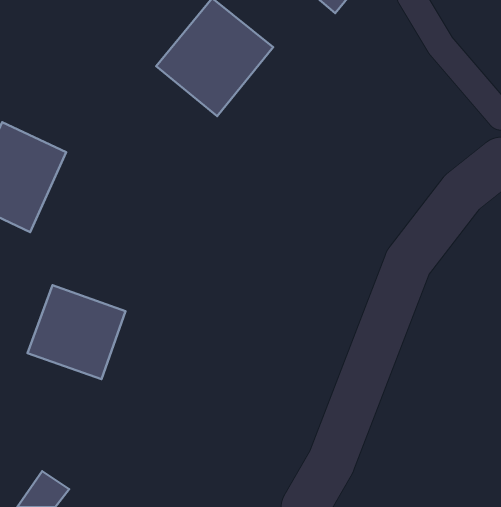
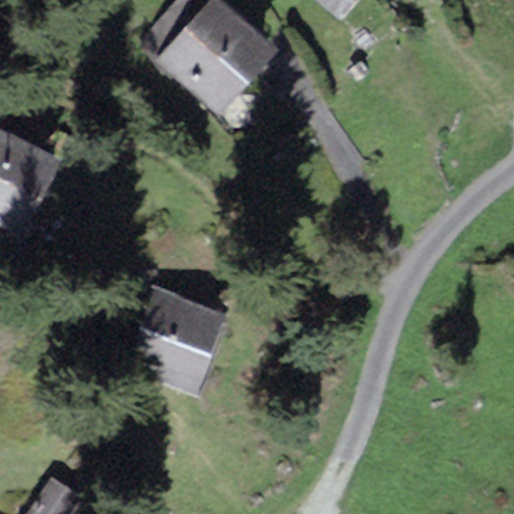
building: [28,285,126,379] -> [131,291,229,386]

